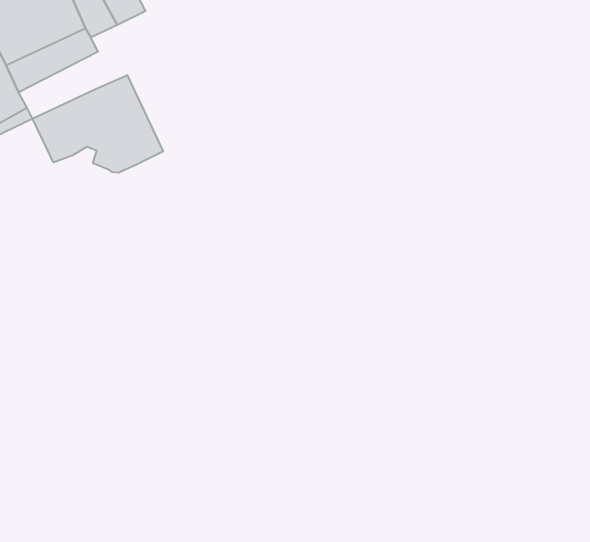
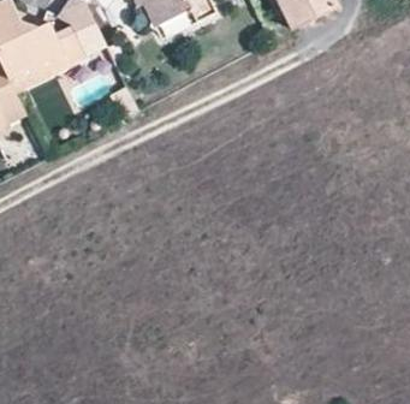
building: [33,75,163,173] -> none

